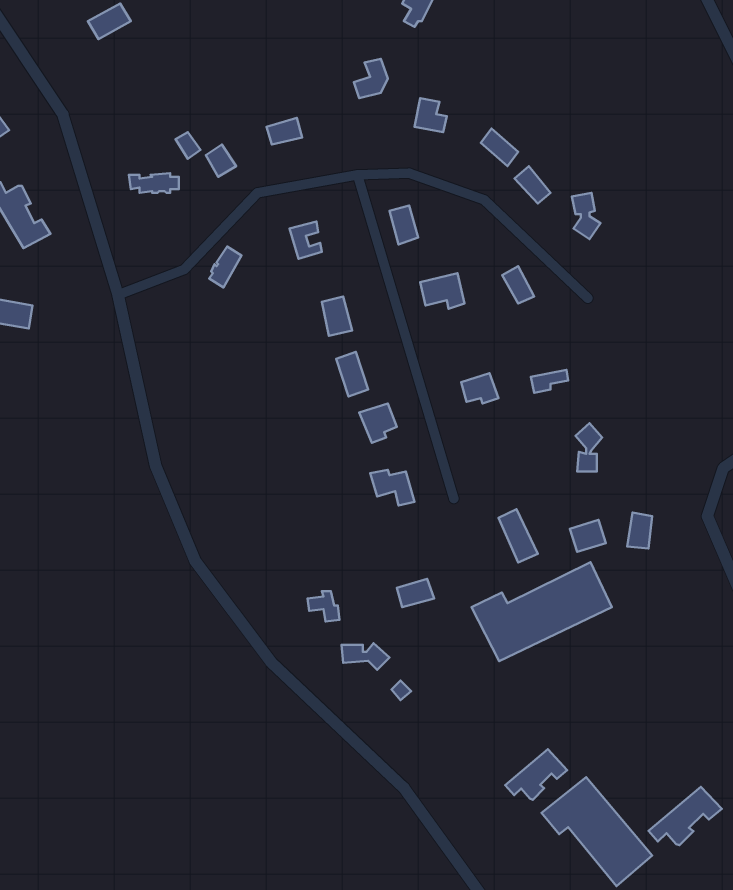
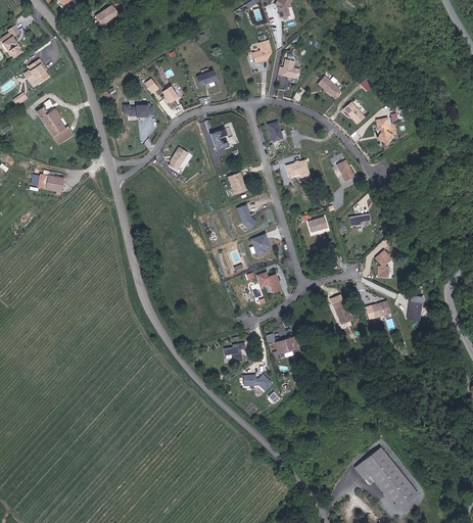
building: [471,562,612,661] -> none
building: [505,749,567,800] -> none
building: [648,787,722,845] -> none

